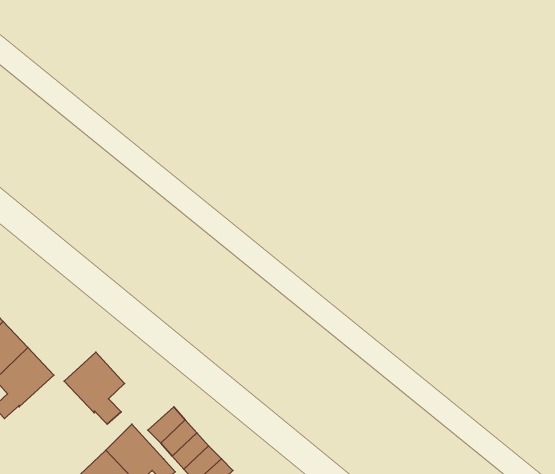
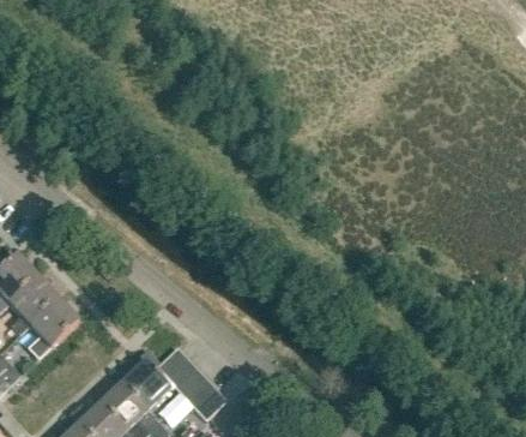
building: [64,352,125,424] -> none

